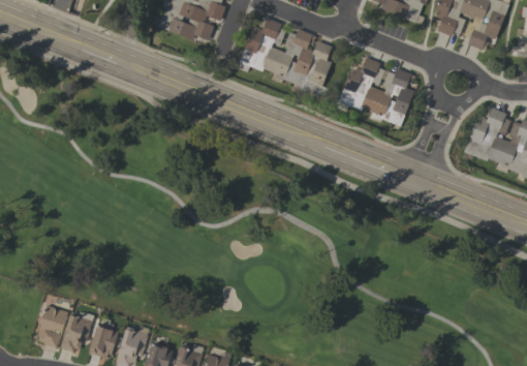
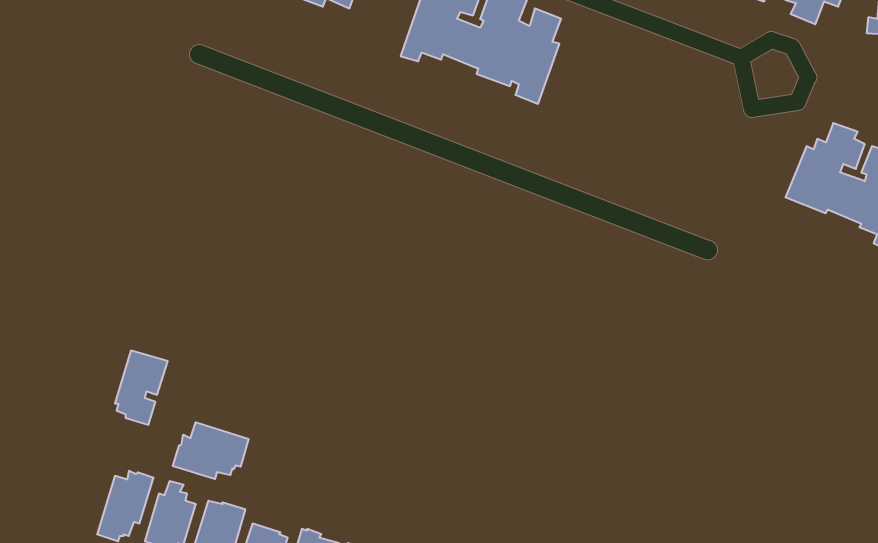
building: [337,57,414,126] -> none
building: none -> [173,422,249,479]
building: [37,305,68,348] -> [115,351,168,425]

